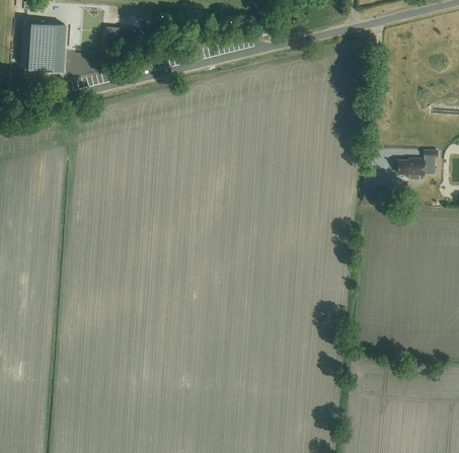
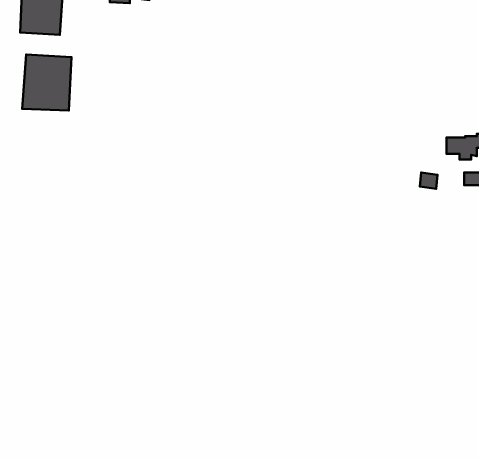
building: none -> [22,54,72,111]

